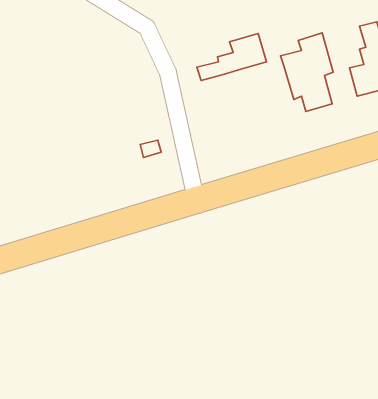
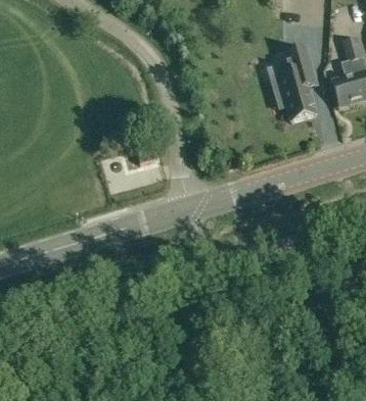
building: [197,34,266,80] -> none

